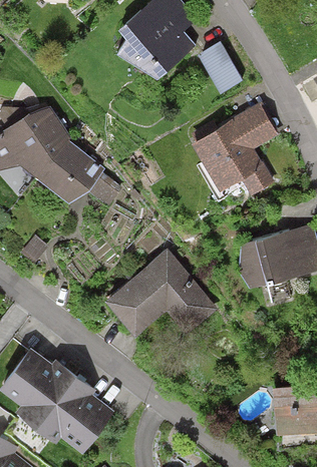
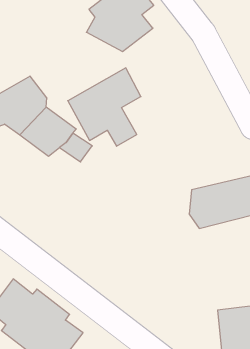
building: [200,41,242,91] -> none
building: [193,104,280,197] -> [68,68,141,146]
building: [104,249,219,336] -> none

